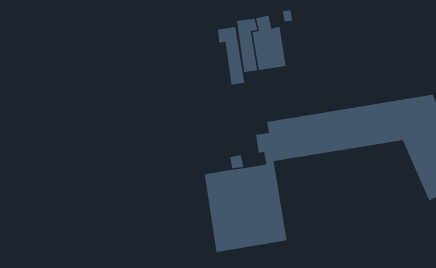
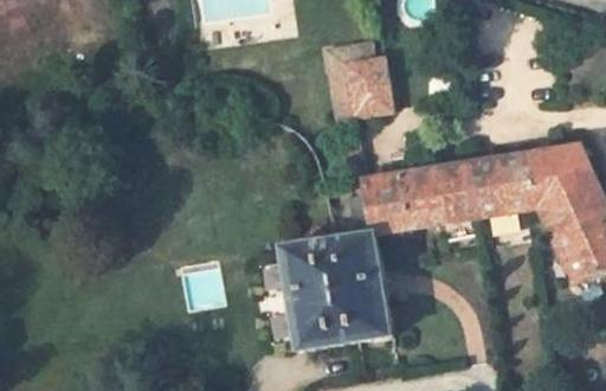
building: [217,26,245,86] -> none

